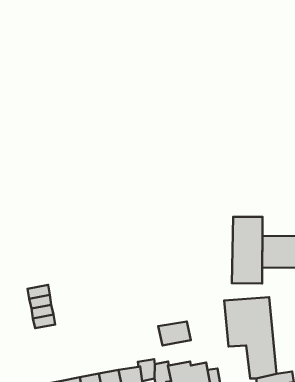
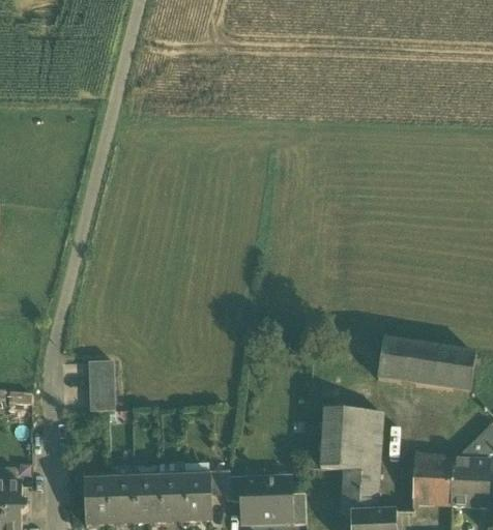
building: [232,217,263,284] -> none
building: [158,321,191,346] -> none

